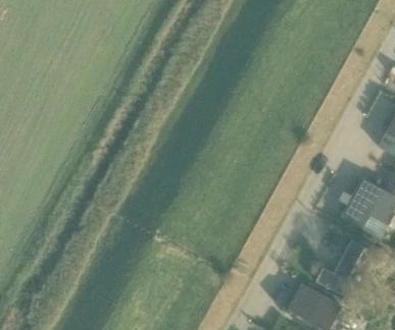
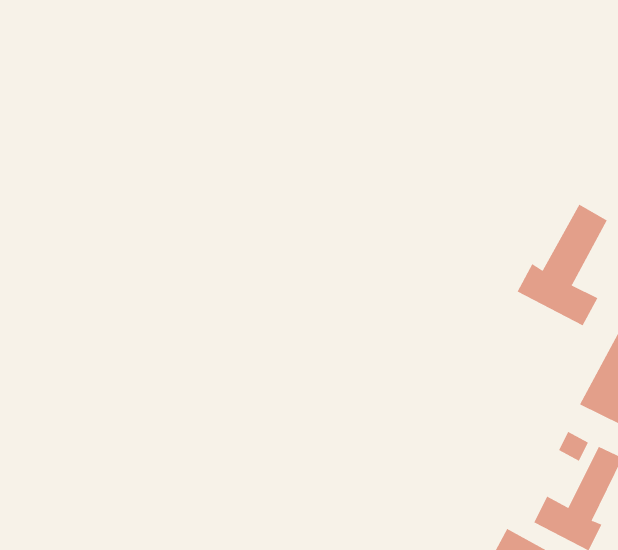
building: none -> [517,204,607,326]

